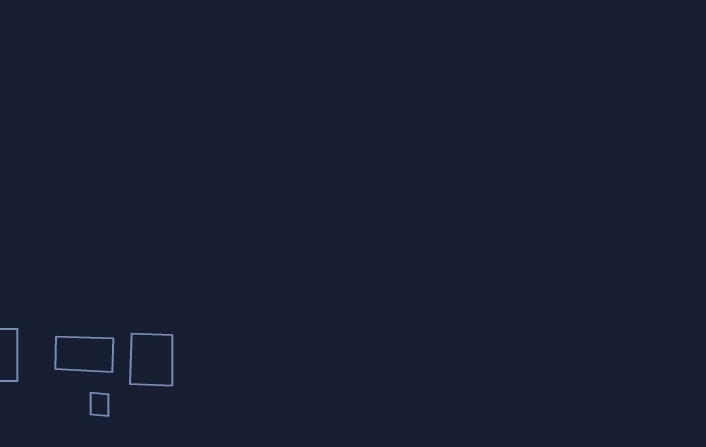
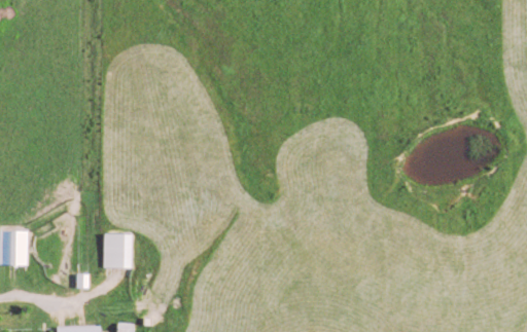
building: [56,337,113,372] -> none

